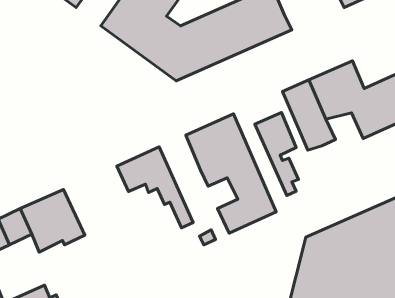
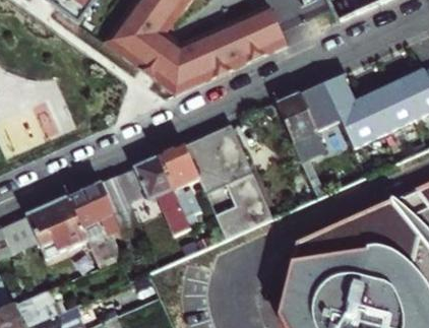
building: [255,113,298,196] -> [159,144,200,223]
building: none -> [67,174,138,265]

